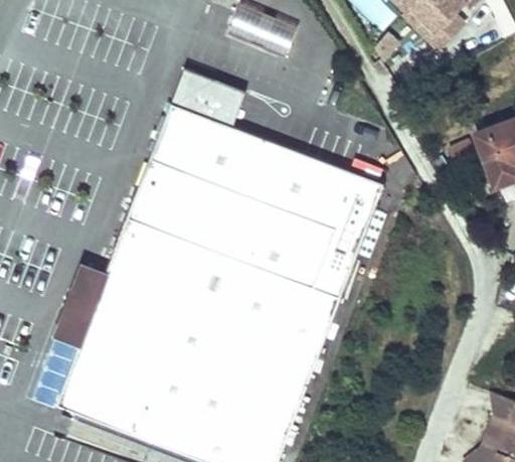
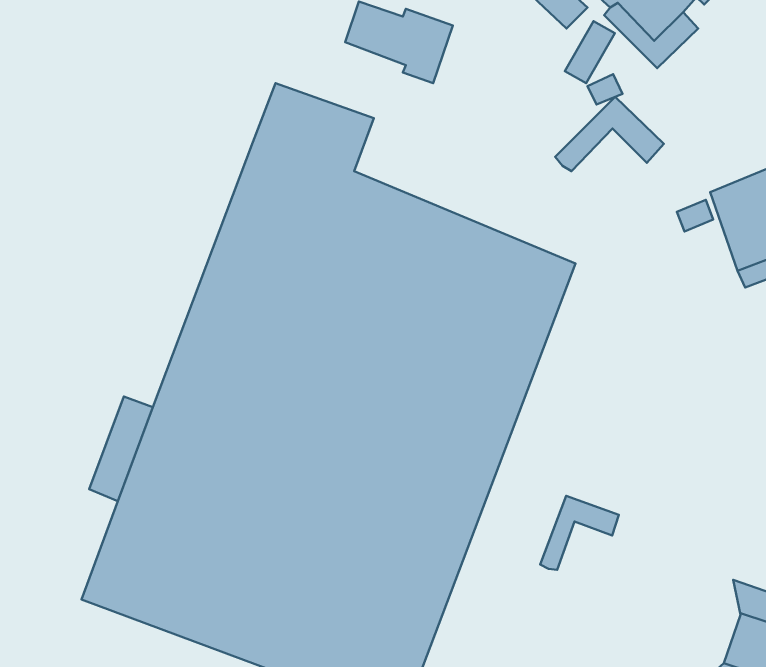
building: none -> [555,97,664,171]
building: none -> [540,496,619,570]

